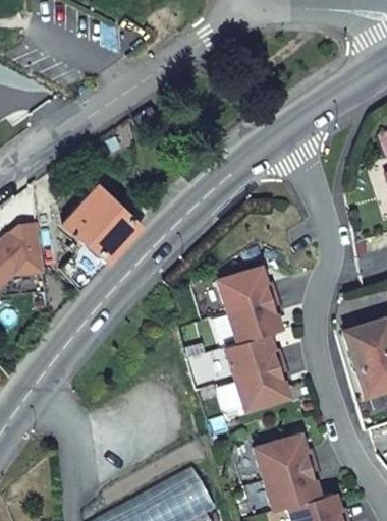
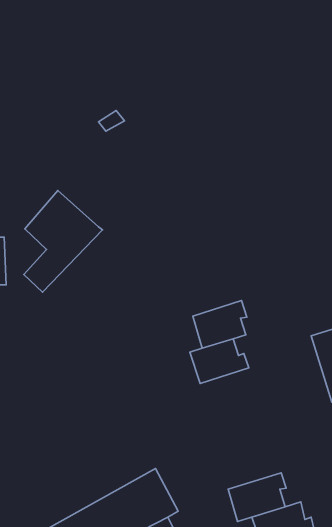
building: [217,266,275,310] -> none
building: [234,361,287,409] -> none
building: [253,435,314,480] -> none

